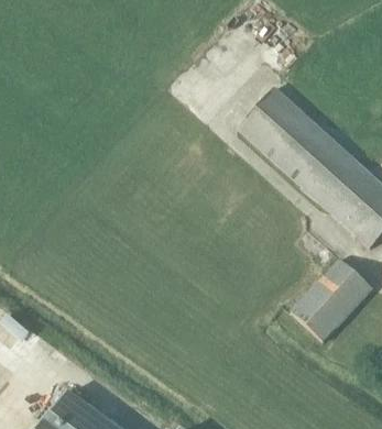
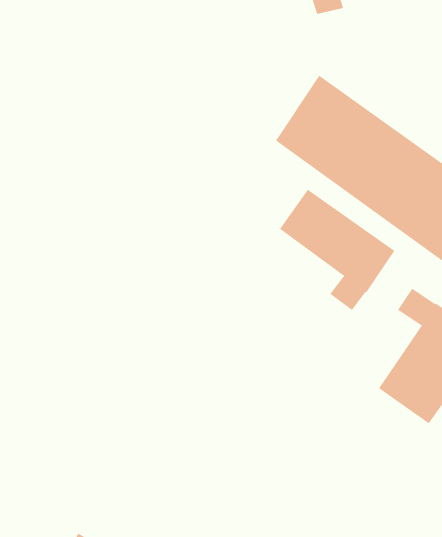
building: none -> [279,189,395,311]

